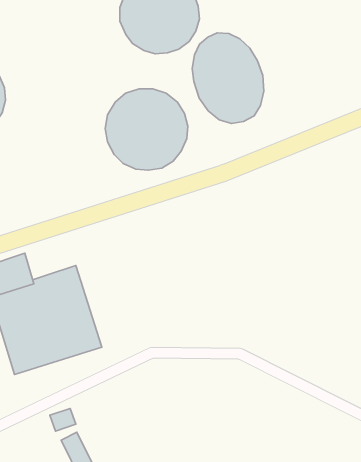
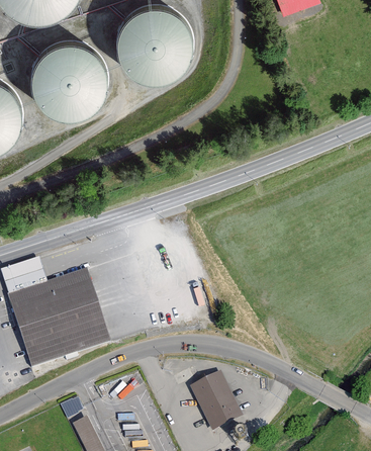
building: [192,33,264,123] -> none
building: [105,89,188,170] -> [32,43,106,116]
building: none -> [188,371,241,431]

